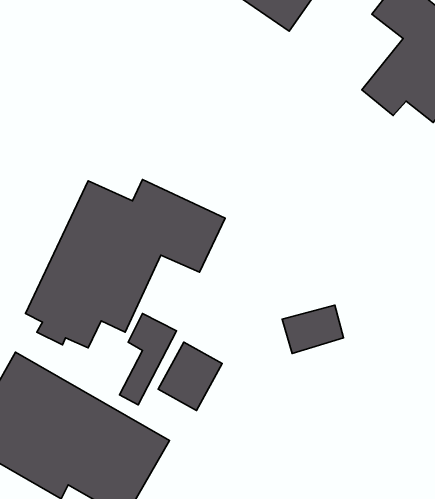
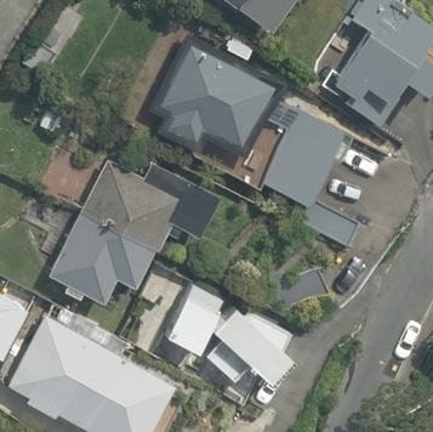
building: none -> [150,42,278,158]
building: none -> [266,112,352,206]
building: none -> [199,305,298,386]

